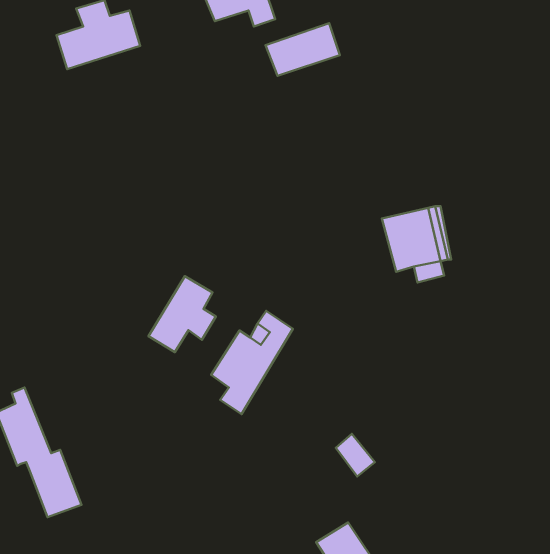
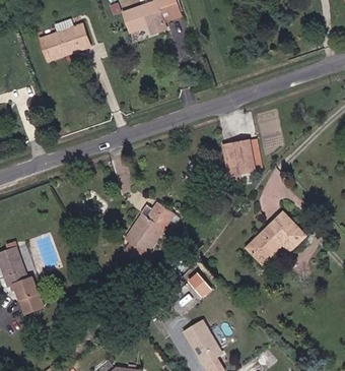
building: [266,23,340,76] -> none
building: [148,276,216,352] -> none
building: none -> [250,209,307,256]

